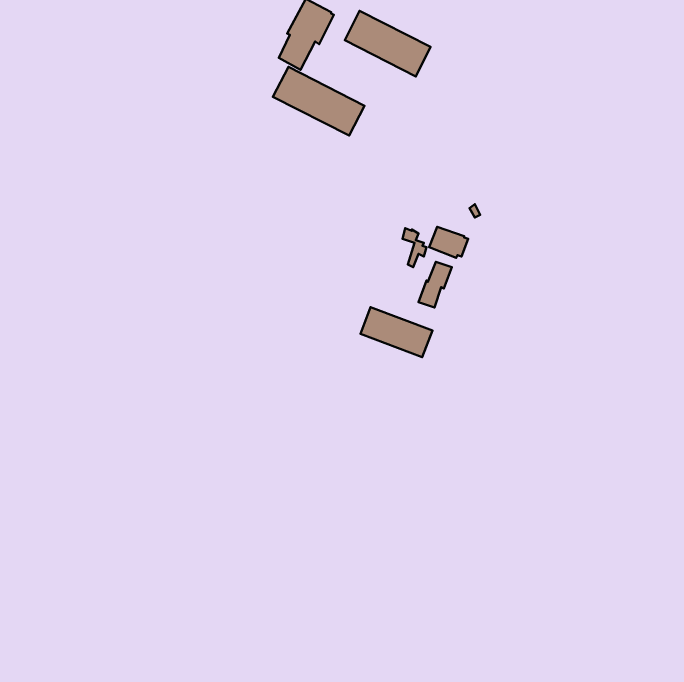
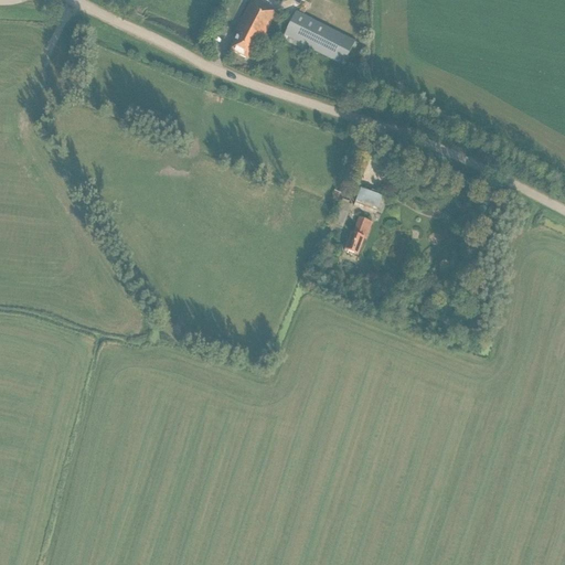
building: [273,67,365,136] -> none
building: [360,307,433,357] -> none

